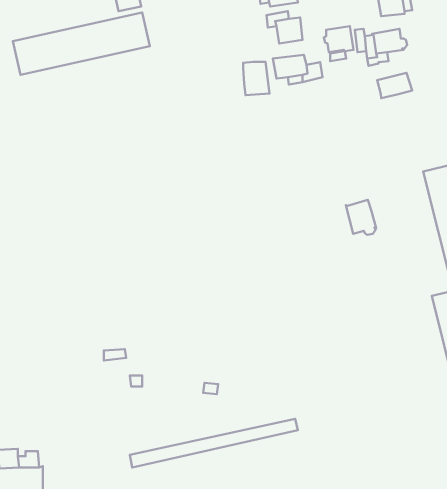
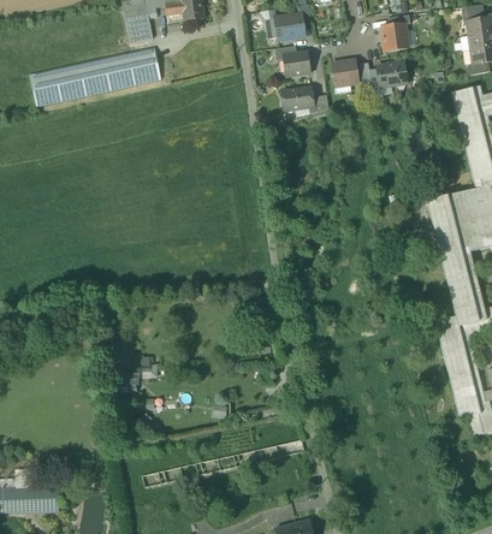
building: [243,62,269,95] -> none
building: [377,73,412,98] -> none
building: [346,200,376,235] -> none

